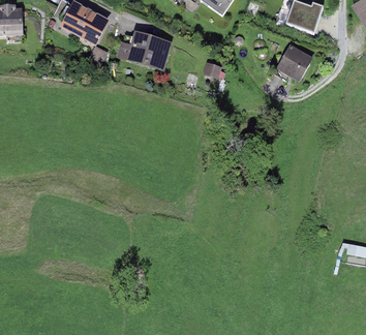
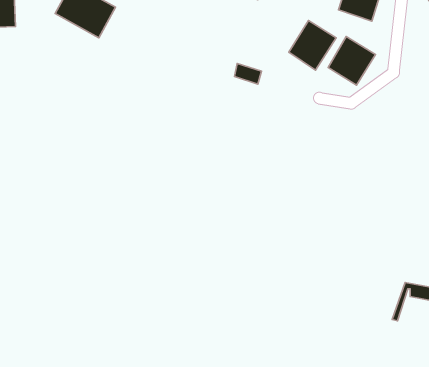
building: none -> [289,21,336,70]
building: [117,30,171,69] -> none

